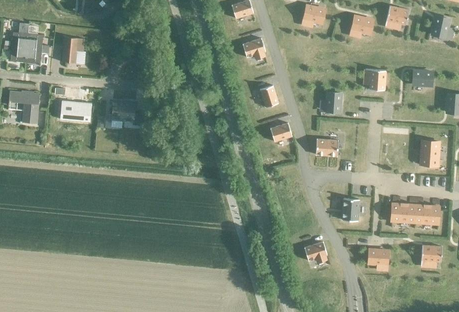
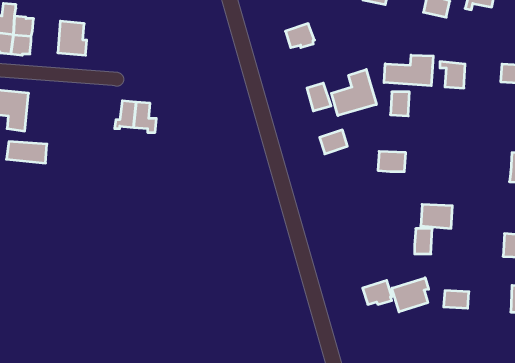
building: none -> [384,55,433,86]
building: none -> [331,69,376,116]
building: [56,108,88,125] -> [6,142,47,163]
building: [390,204,415,223] -> [421,204,452,228]
building: none -> [392,278,429,312]

